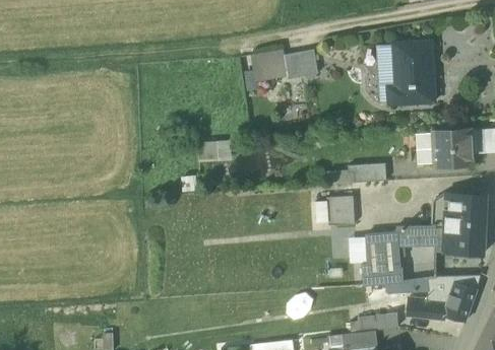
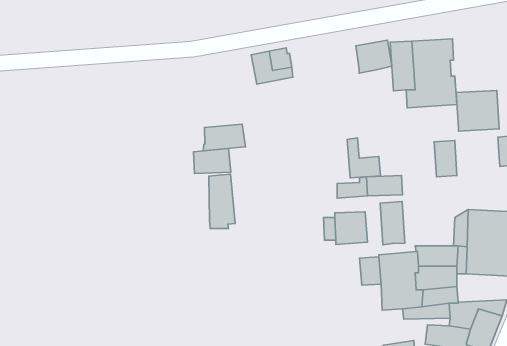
building: [286,50,318,79] -> [356,40,392,73]
building: none -> [203,124,245,151]
building: none -> [347,138,380,178]
building: [434,131,473,167] -> [456,90,499,131]
building: none -> [209,174,235,229]
building: none -> [380,202,405,245]

